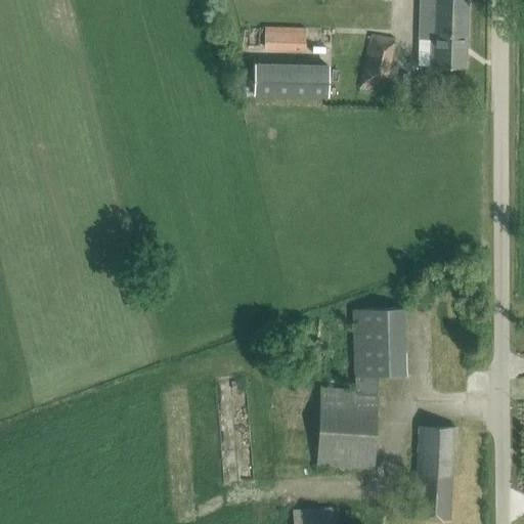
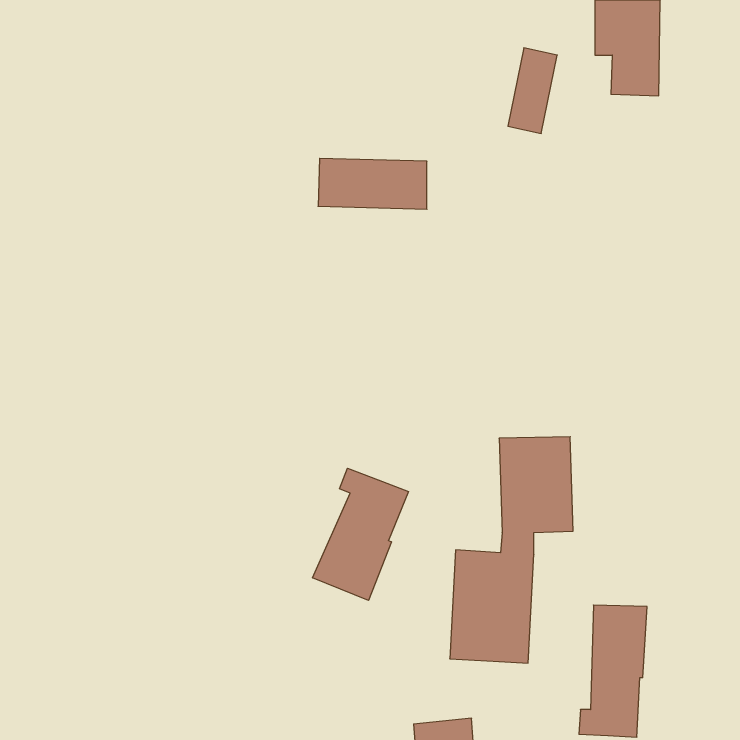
building: [264,28,306,52] -> none
building: [262,61,339,97] -> [318,158,427,209]
building: none -> [313,468,408,600]

